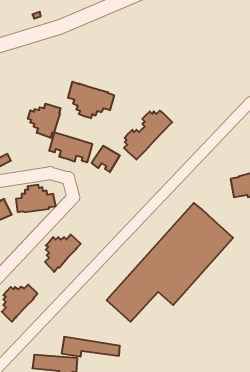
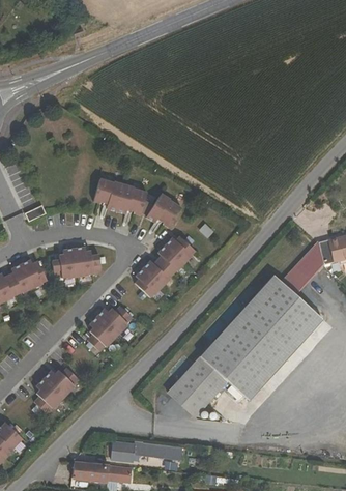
building: [68,82,114,118] -> none
building: [28,104,60,138] -> none
building: [124,111,172,160] -> [136,237,196,298]
building: none -> [285,237,324,289]

